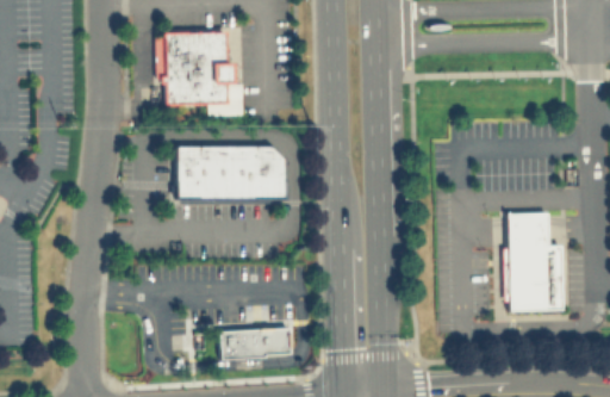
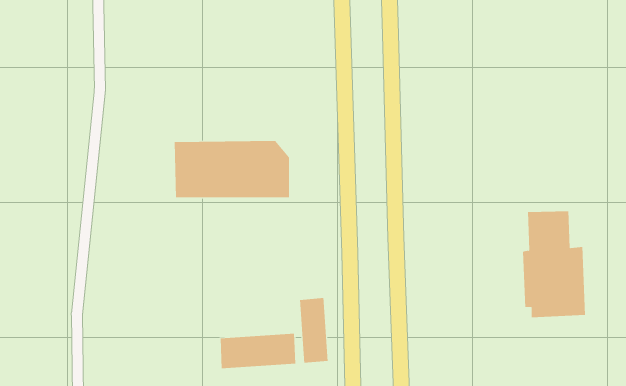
building: [156,31,244,116] -> none
building: none -> [300,297,328,364]

